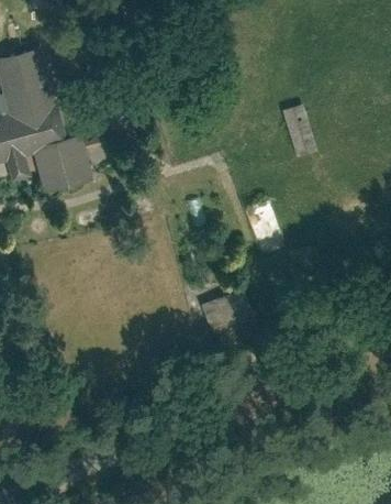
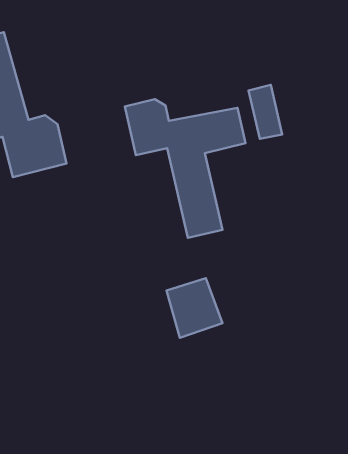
building: none -> [125,99,245,238]

